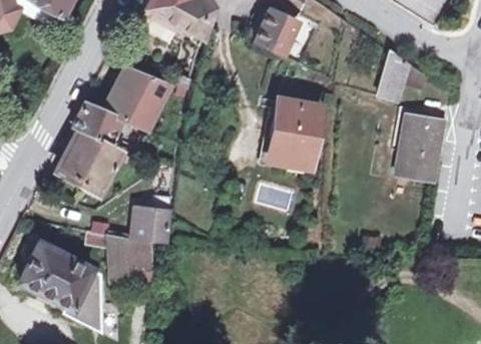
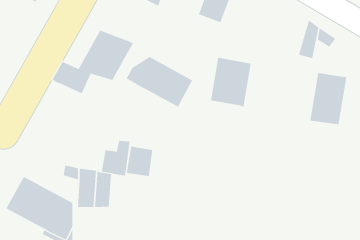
building: none -> [126,56,193,108]
building: [59,128,122,191] -> none
building: none -> [126,146,153,177]

